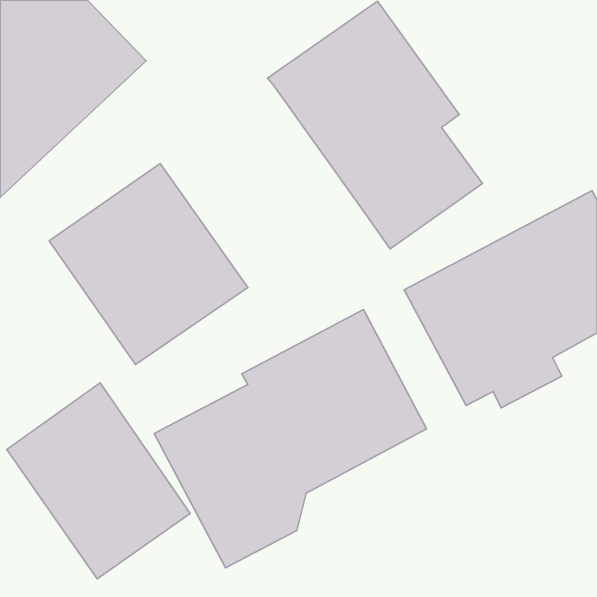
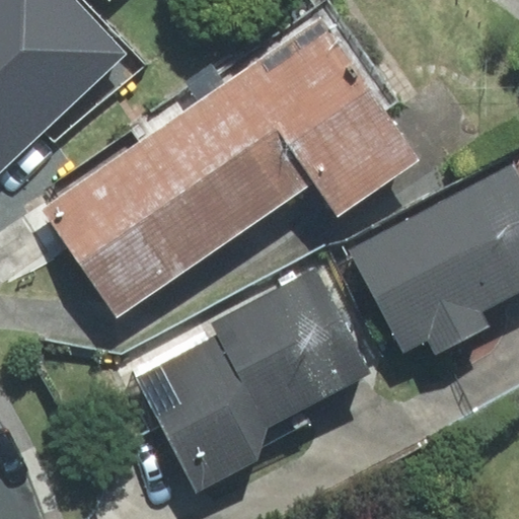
building: none -> [139,74,313,249]
building: [7,383,190,579] -> none

